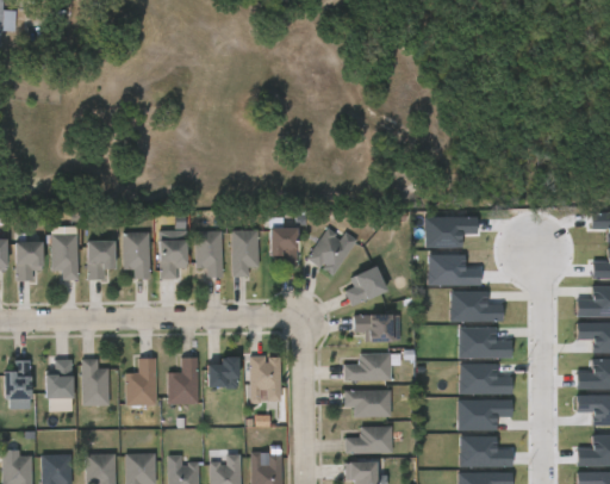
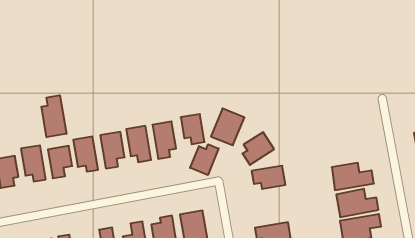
building: none -> [41,95,66,137]
building: [427,216,480,247] -> none
building: [430,254,483,285] -> none
building: none -> [190,144,219,175]
building: [452,290,505,322] -> none
building: [343,353,391,379] -> none

